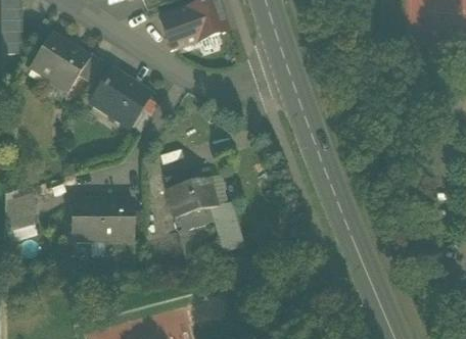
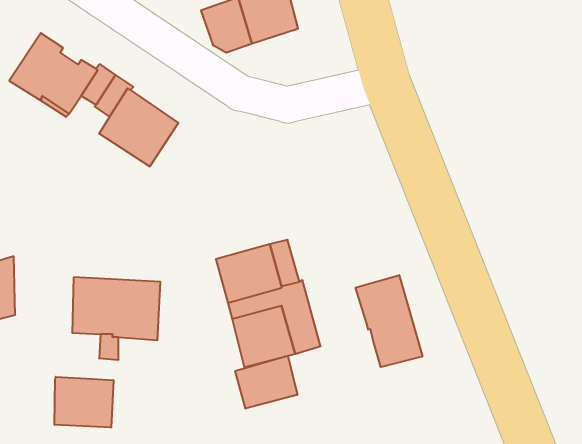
building: none -> [356,275,422,367]
building: none -> [235,356,297,409]
building: none -> [55,377,113,428]

